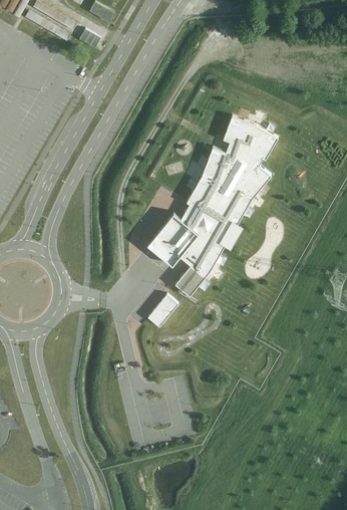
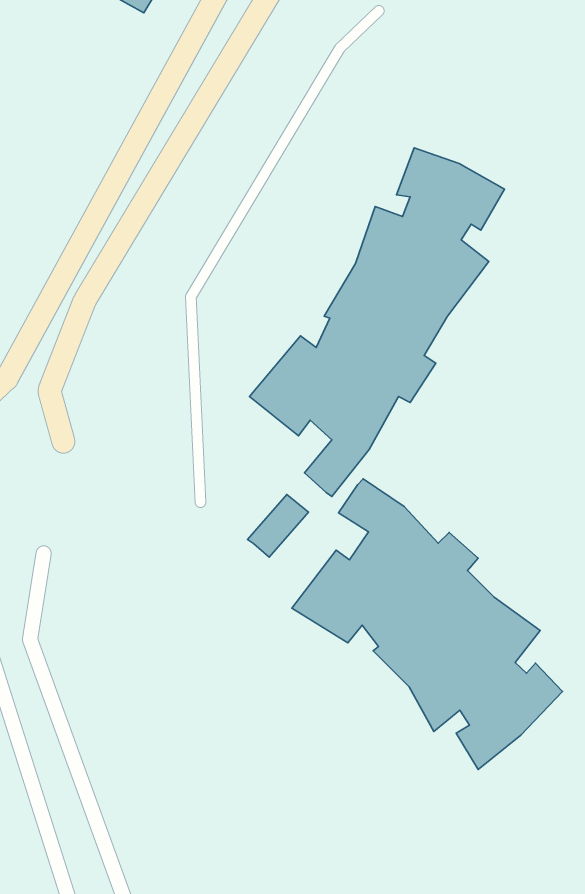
building: none -> [292,479,563,769]

